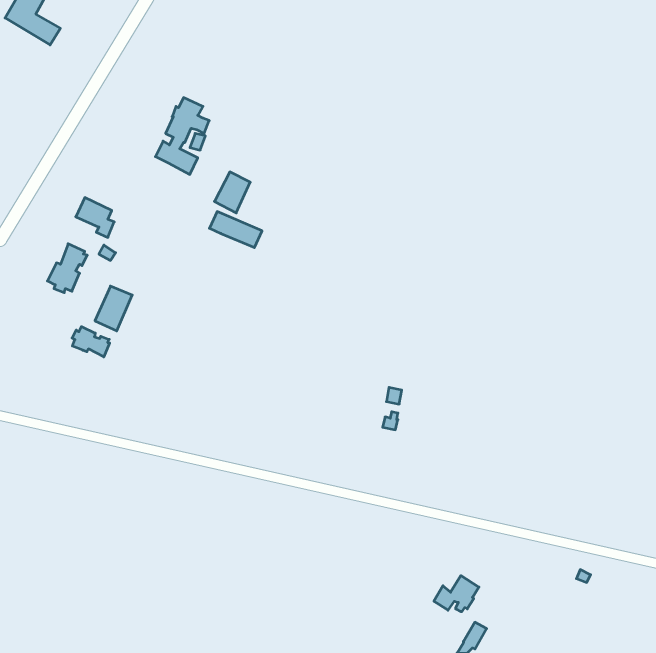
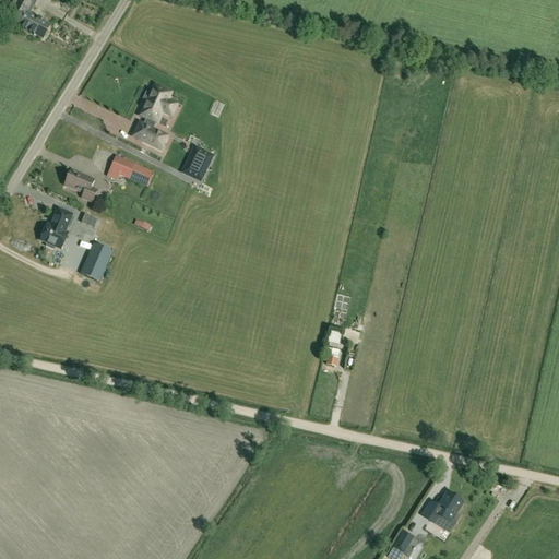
building: [209,212,262,248] -> [109,155,154,186]
building: [72,327,110,357] -> none
building: [434,576,479,611] -> [424,492,462,523]

